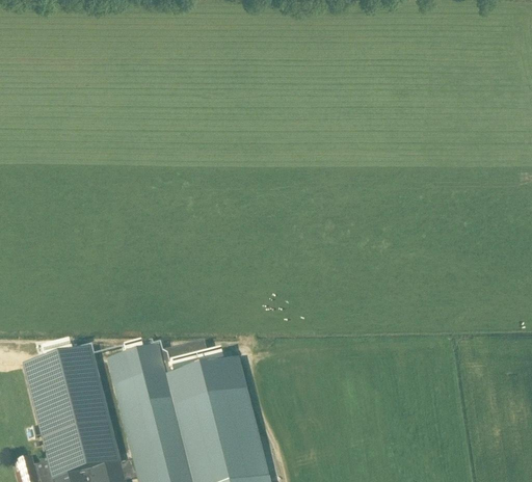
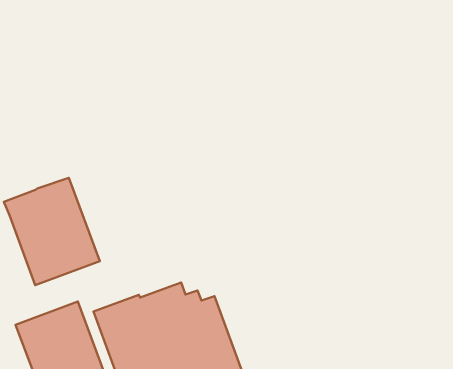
building: none -> [4,178,100,285]

